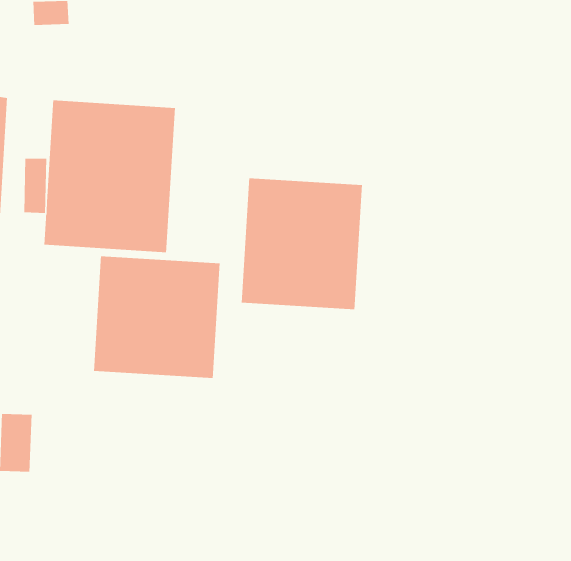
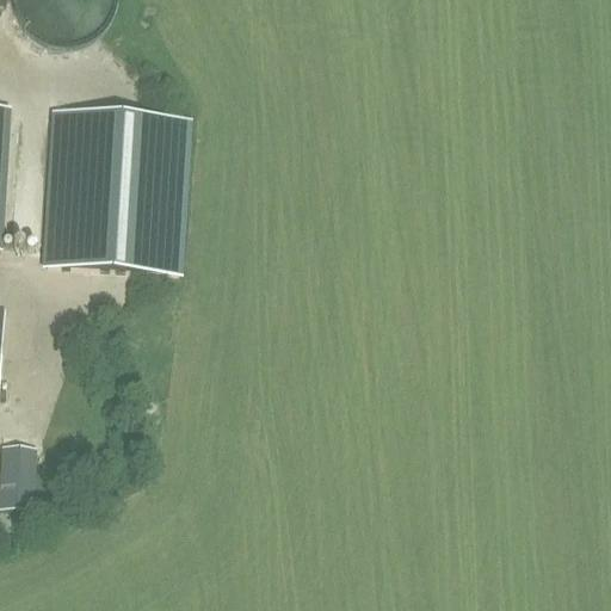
building: [241,177,363,310] -> none
building: [93,256,221,379] -> none

